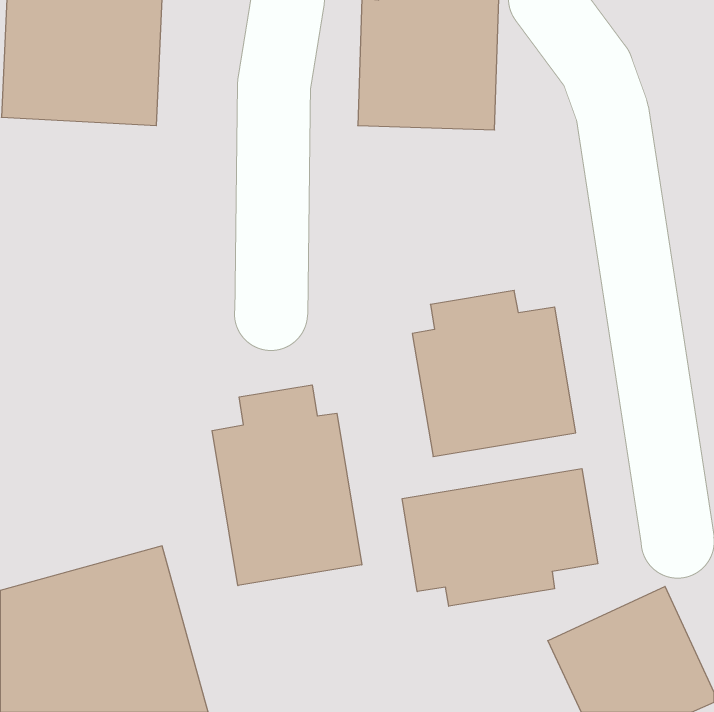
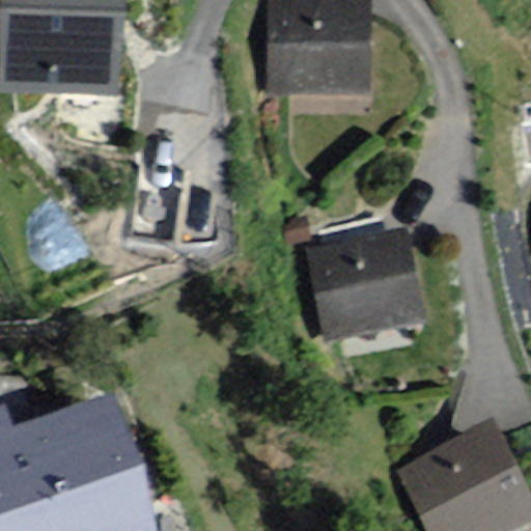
building: [212,385,362,586] -> none
building: [402,469,598,606] -> none

